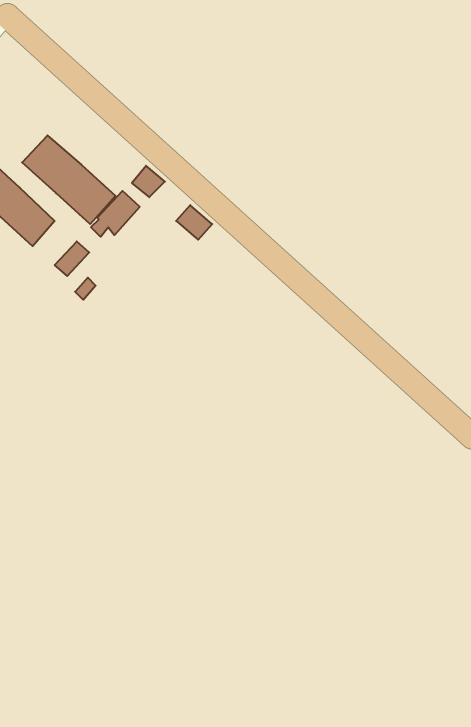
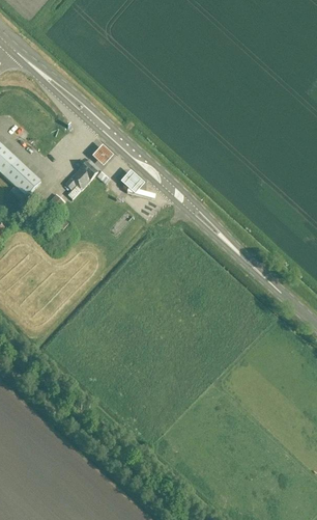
building: [22,135,115,224] -> none

